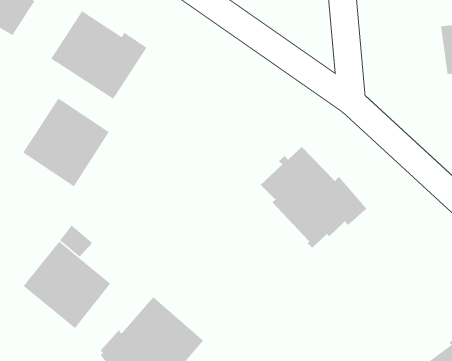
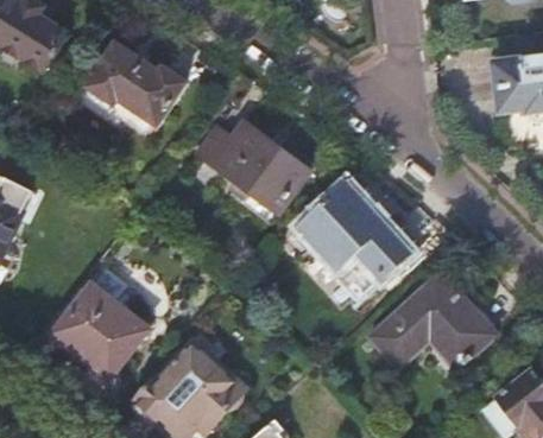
building: none -> [197,123,308,211]
building: [23,97,110,187] -> none
building: none -> [371,280,497,367]

